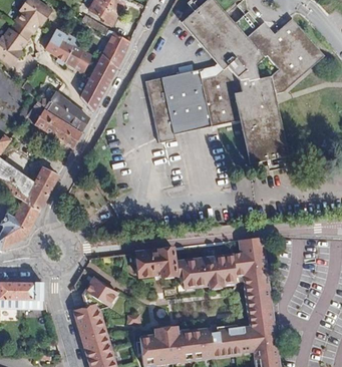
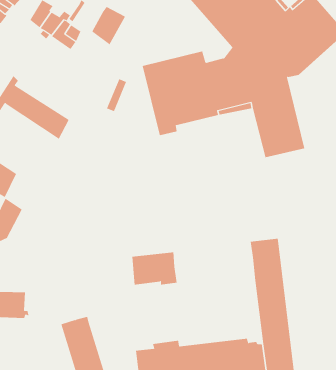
building: [79,54,116,110] -> none
building: [46,88,89,129] -> none
building: [25,166,58,210] -> none
building: [174,252,243,286] -> none
building: [82,277,117,308] -> none

